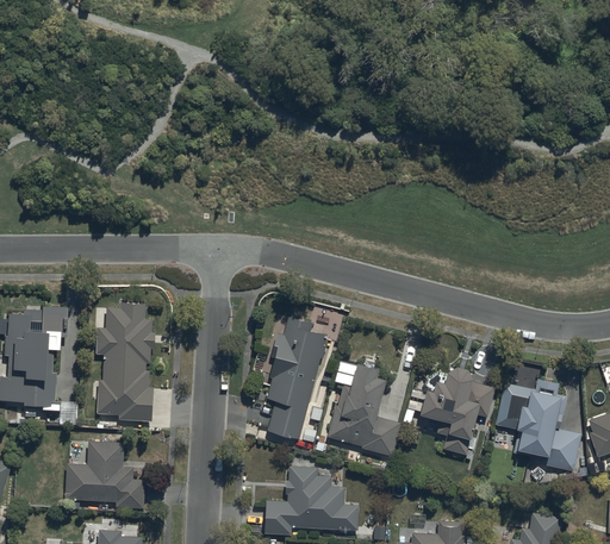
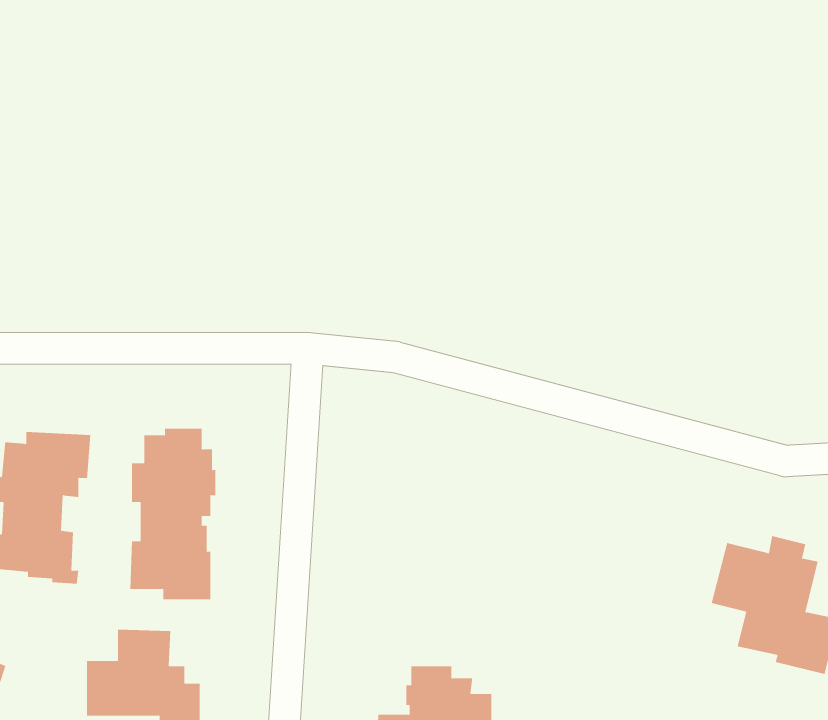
building: [266,318,325,440] -> none
building: [328,361,402,457] -> none
building: [422,367,496,455] -> none

